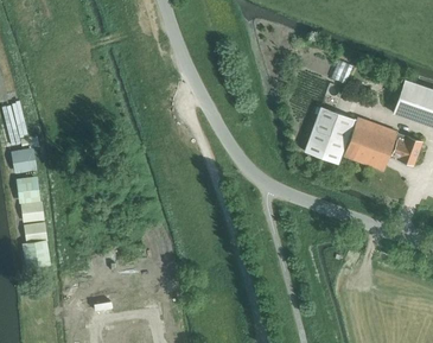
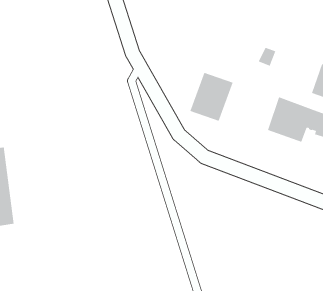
building: [303,106,354,163] -> [189,72,234,121]

